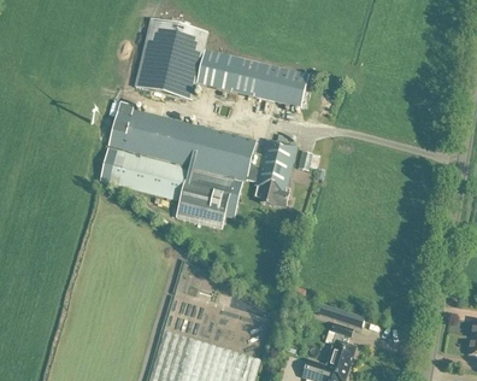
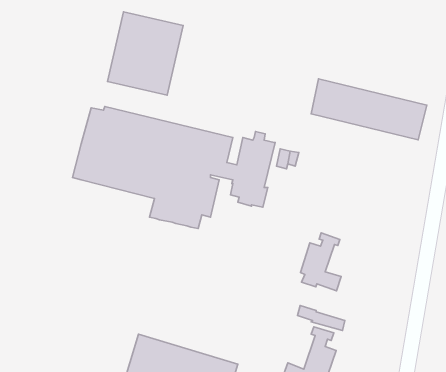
building: [196,48,308,107] -> [311,79,427,140]
building: none -> [300,233,341,291]

